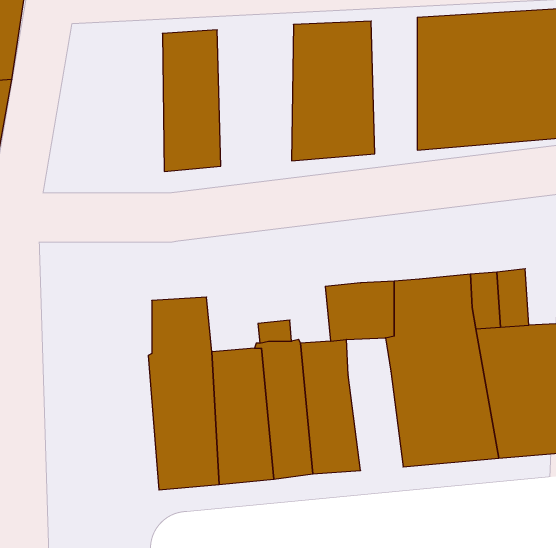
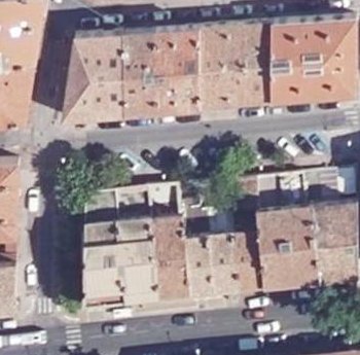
building: none -> [246,25,273,104]
building: none -> [156,29,201,111]
building: none -> [64,34,125,119]
building: none -> [150,185,179,219]
building: none -> [81,189,122,304]
building: none -> [232,230,264,288]

